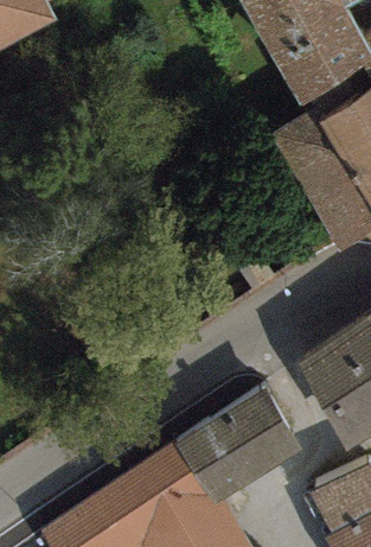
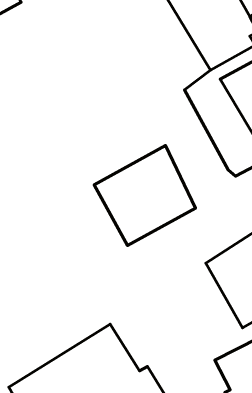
building: none -> [94,145,195,245]
building: [171,388,302,507] -> none

